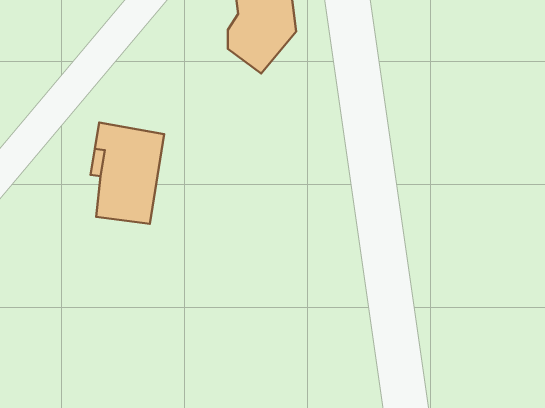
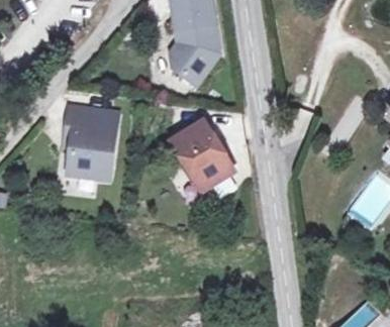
building: none -> [176,130,237,200]

